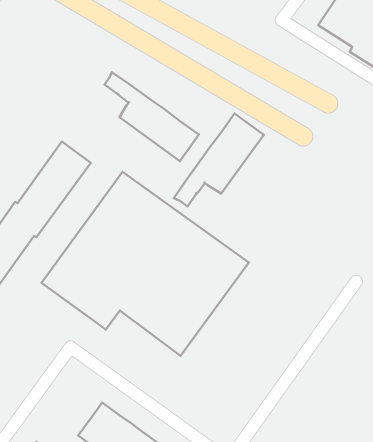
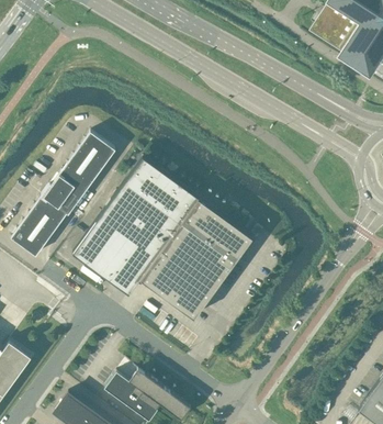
building: [104,72,199,161] -> none
building: [174,114,264,207] -> none

